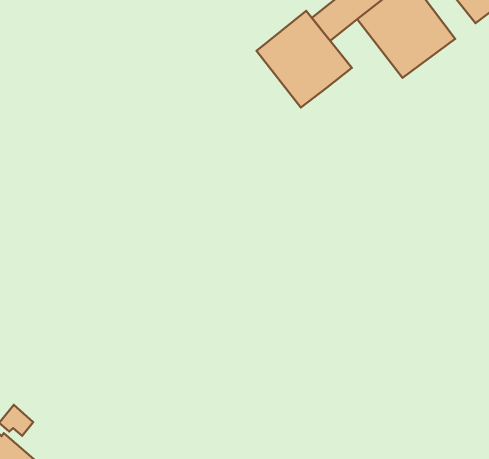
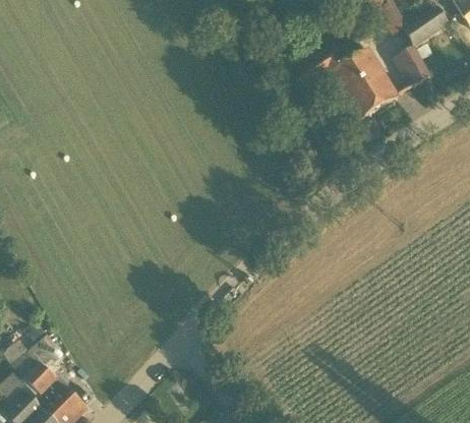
building: [257,11,352,107] -> none

